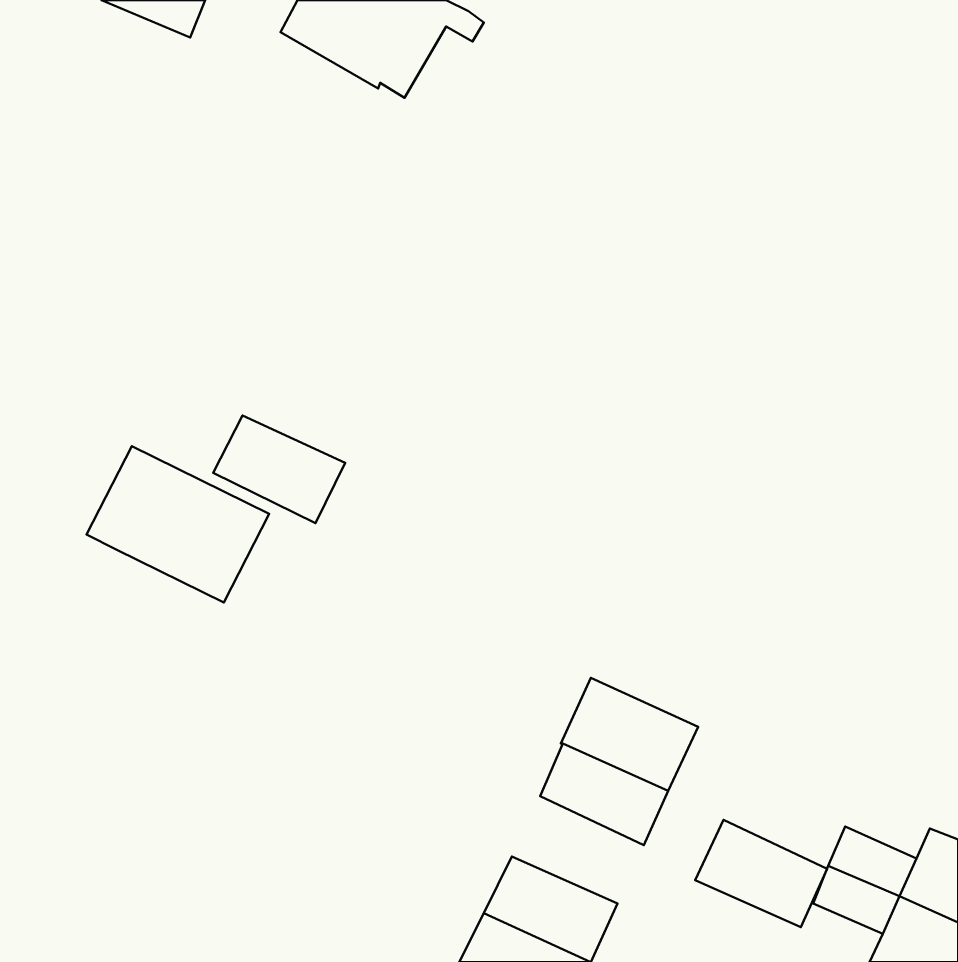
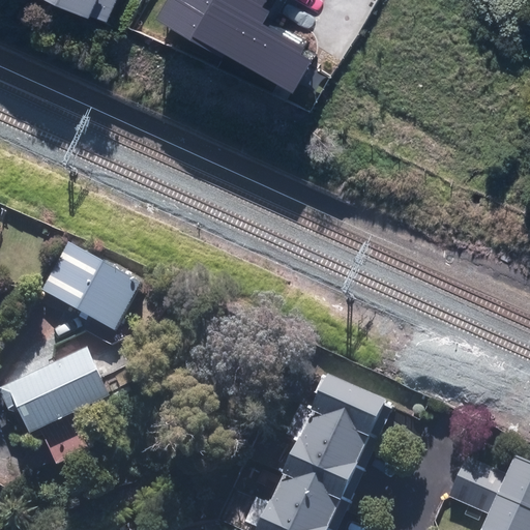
building: none -> [223,14,310,93]
building: [213,415,345,523] -> none
building: none -> [6,350,115,441]
building: [695,820,827,927] -> [282,438,354,497]

